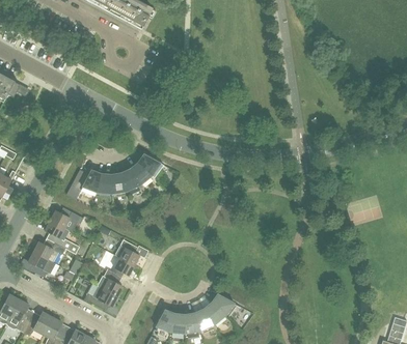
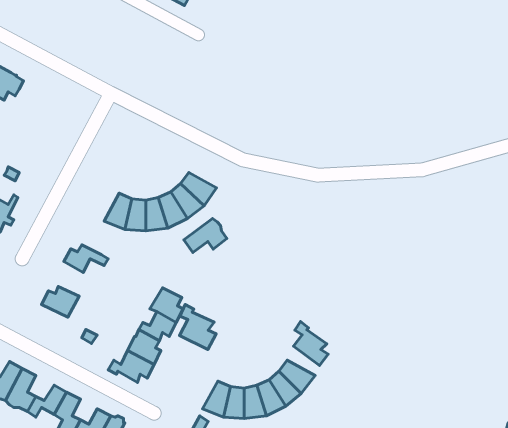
building: none -> [184,218,227,252]
building: [45,219,80,253] -> none
building: none -> [179,304,216,350]
building: [28,251,55,277] -> none
building: none -> [294,322,328,365]

